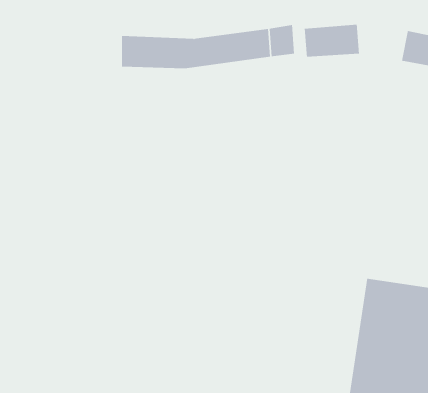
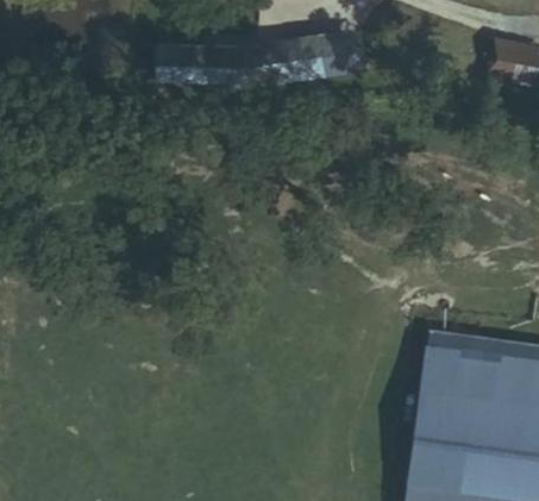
building: [304,24,359,57] -> none

